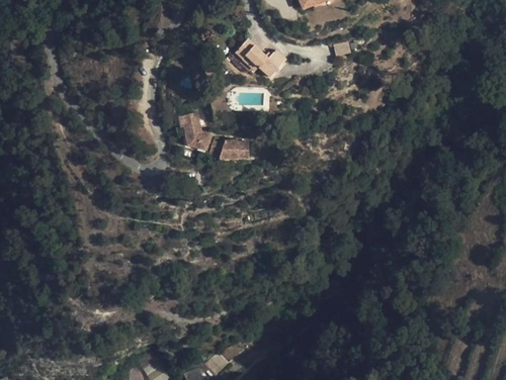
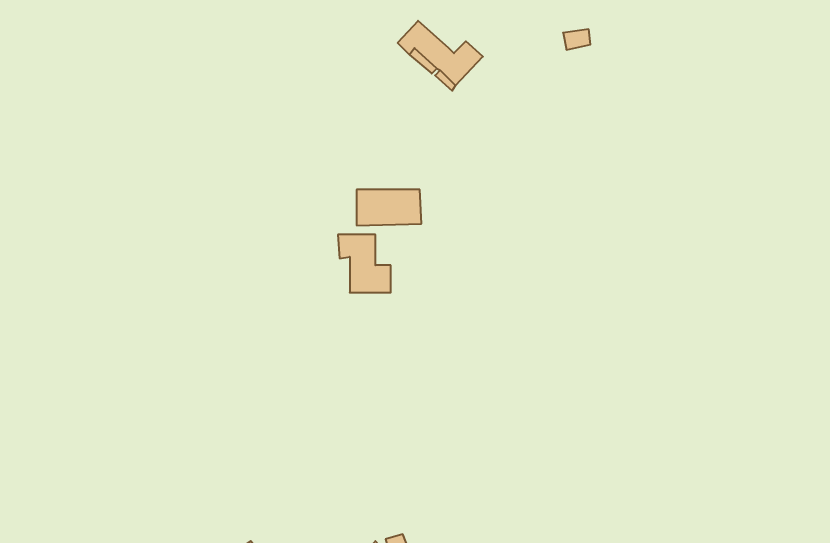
building: [178,114,209,149] -> [338,235,391,293]

